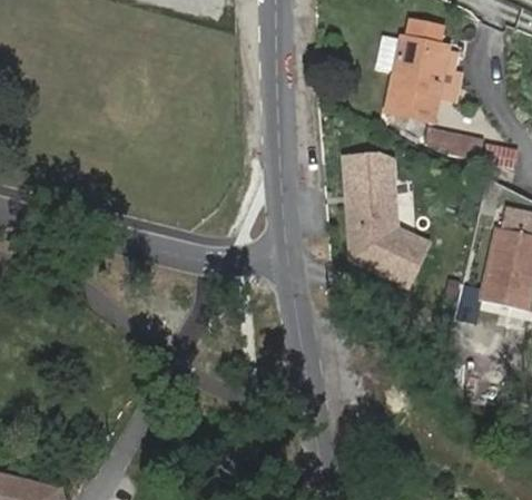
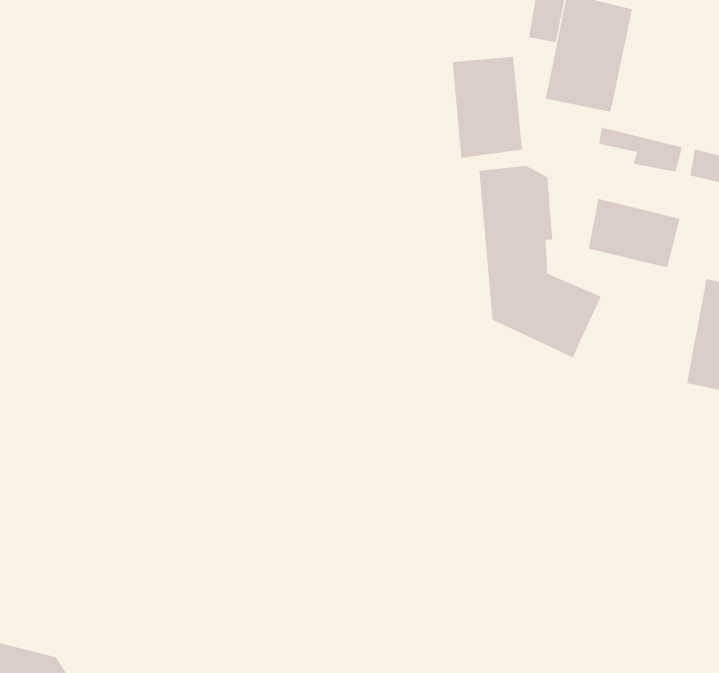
building: none -> [452,56,522,158]
building: none -> [588,198,680,268]

